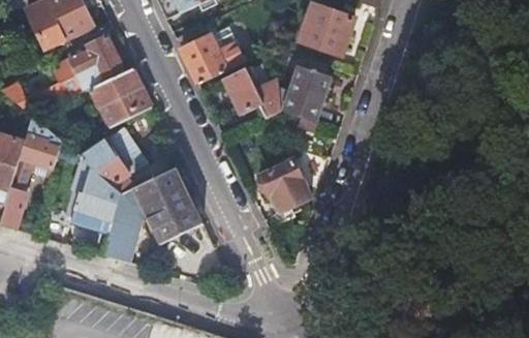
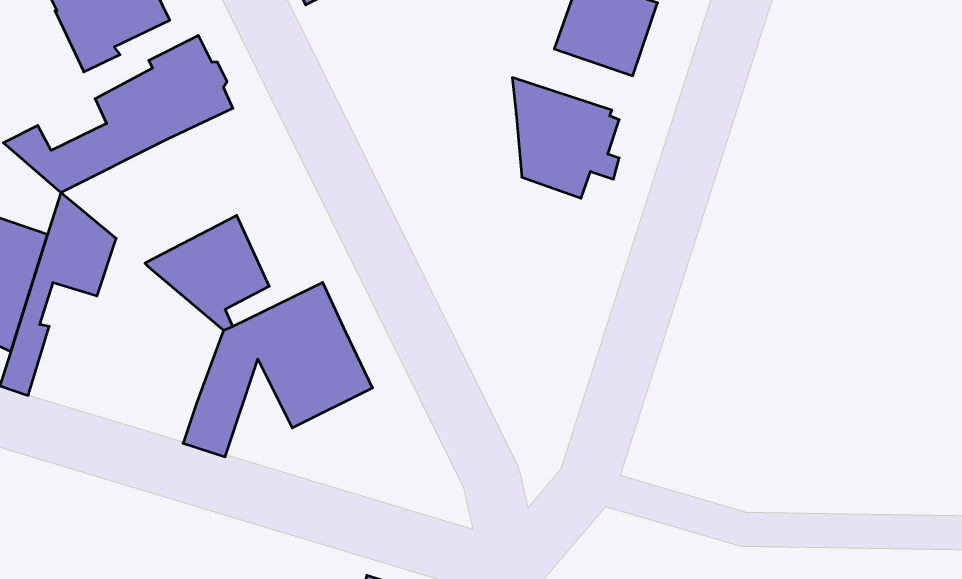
building: [181,25,246,83] -> none
building: [224,66,282,118] -> none
building: [91,70,152,129] -> none
building: [69,159,121,233] -> none
building: [258,159,310,213] -> none

